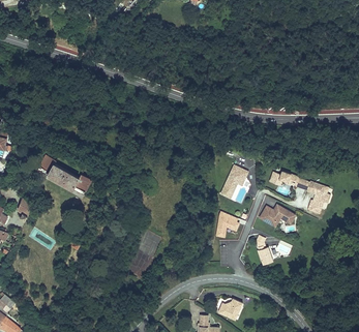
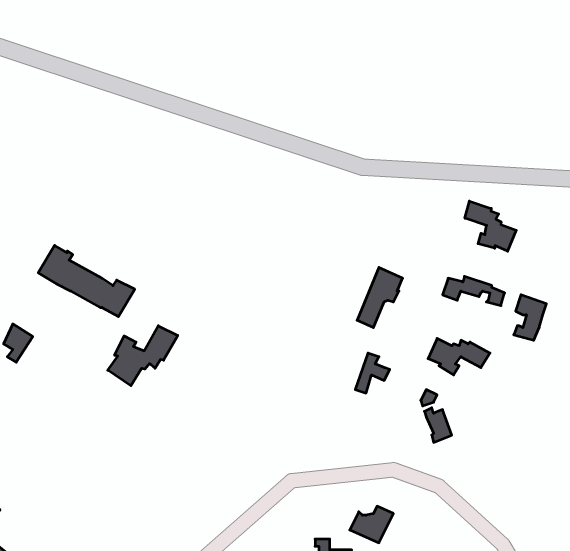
building: none -> [465,201,516,251]
building: none -> [108,326,178,386]

